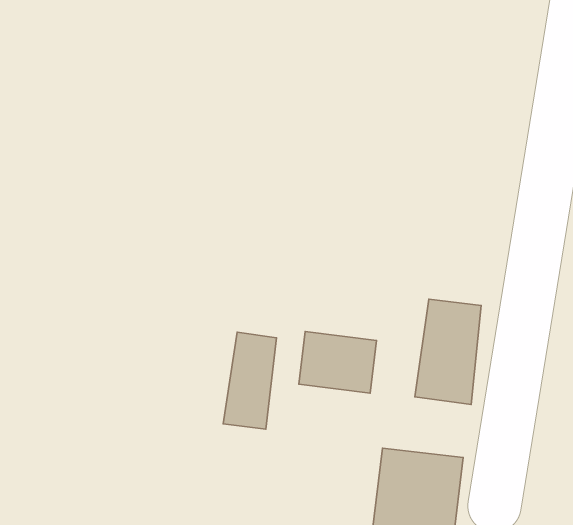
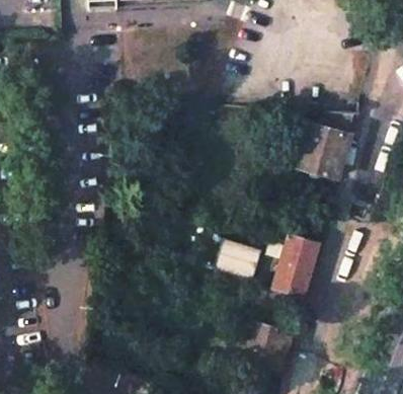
building: none -> [295,122,351,177]
building: [223,332,277,429] -> none

